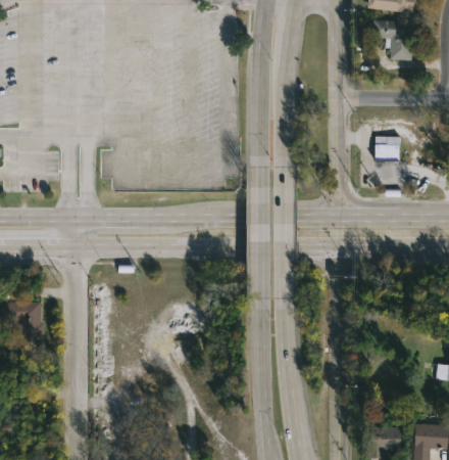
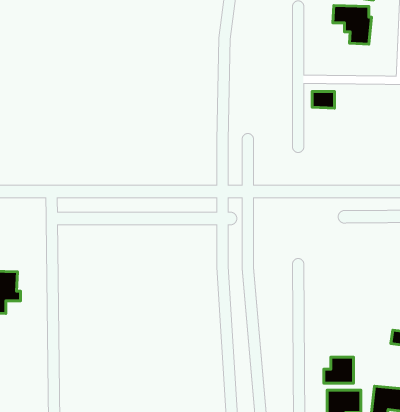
building: [376,144,399,162] -> [312,92,334,108]
building: none -> [324,357,353,383]

